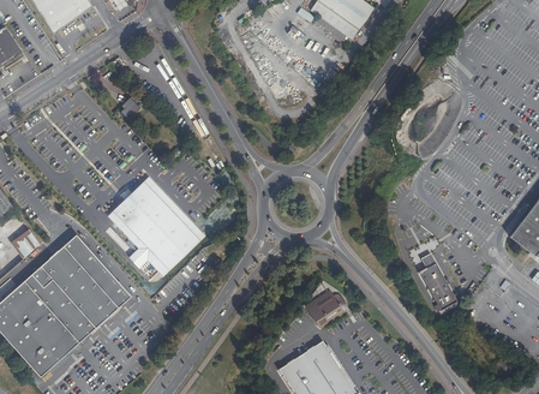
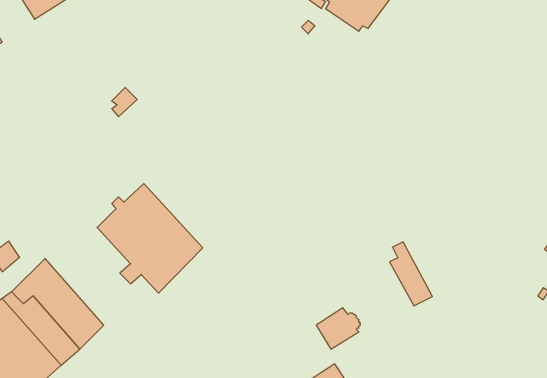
building: [62,234,128,306] -> none
building: [419,253,457,311] -> [390,242,432,306]

